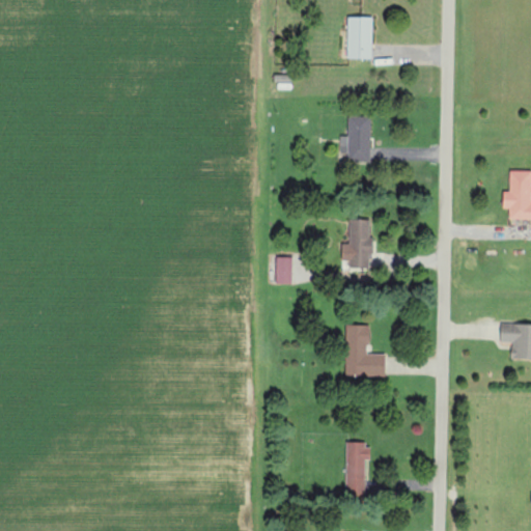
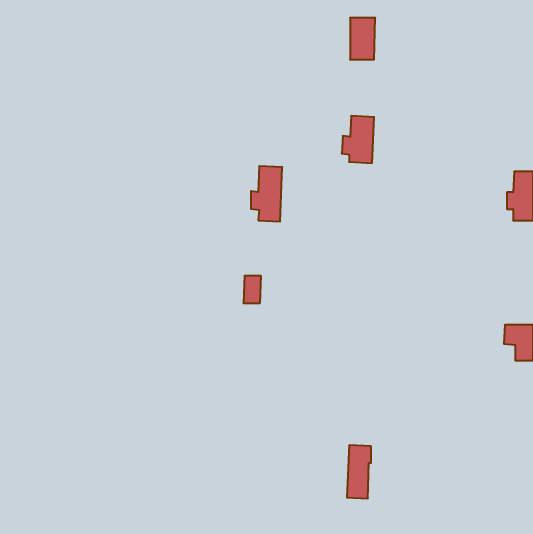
building: [341,218,372,273] -> [251,166,282,221]
building: [275,256,292,283] -> [243,276,261,303]
building: [345,325,386,376] -> none

